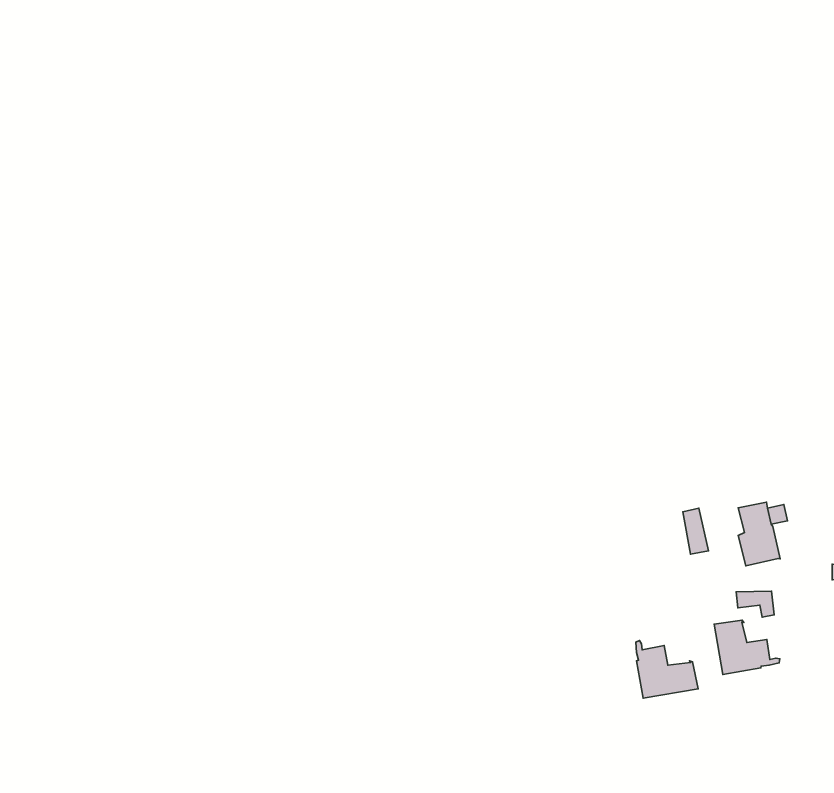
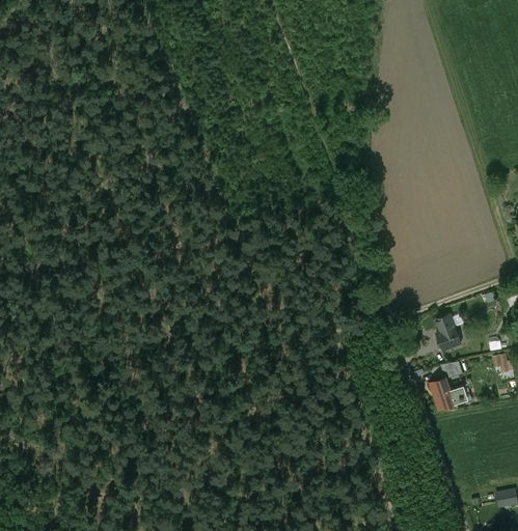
building: [636,640,698,698] -> none

